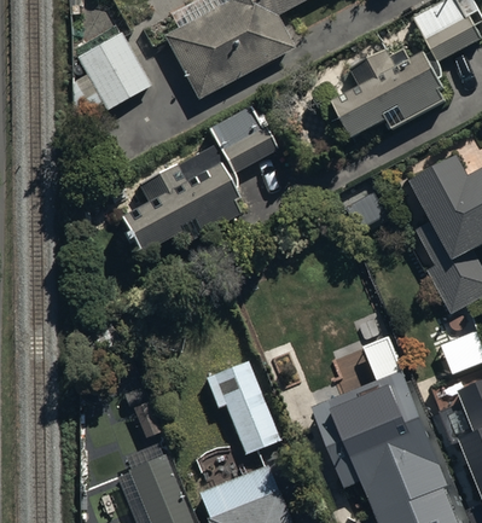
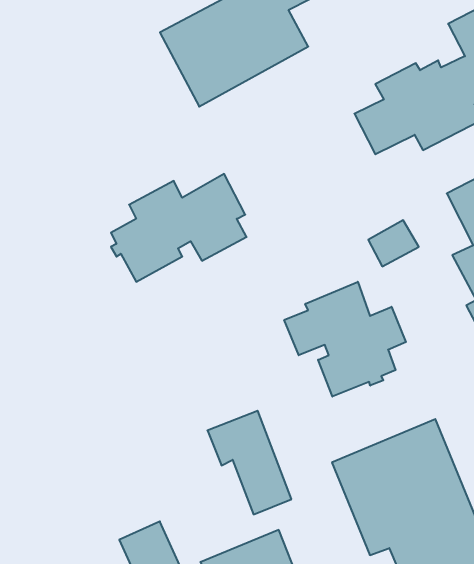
building: [76,31,151,112] -> none
building: [208,107,275,172] -> none
building: none -> [284,282,406,397]

